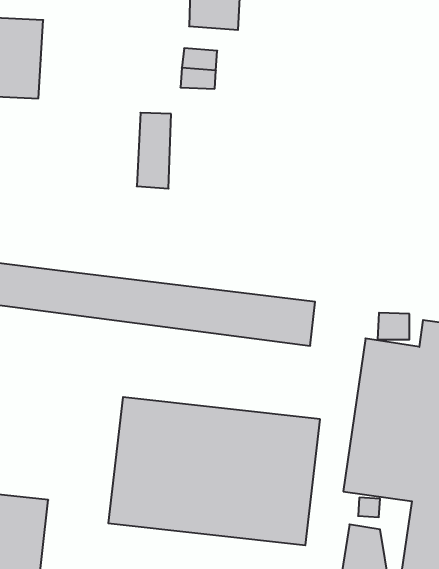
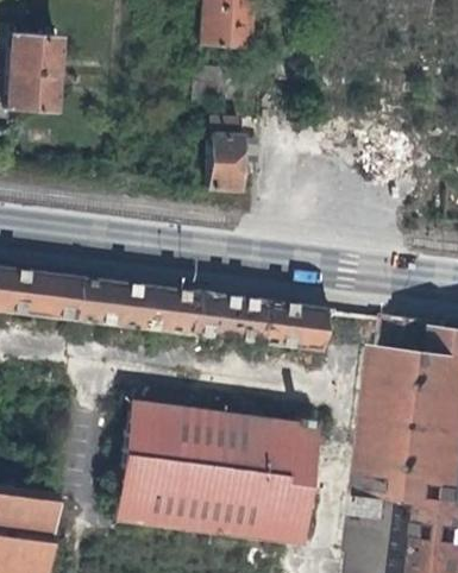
building: [137,113,171,189] -> [205,114,238,188]

